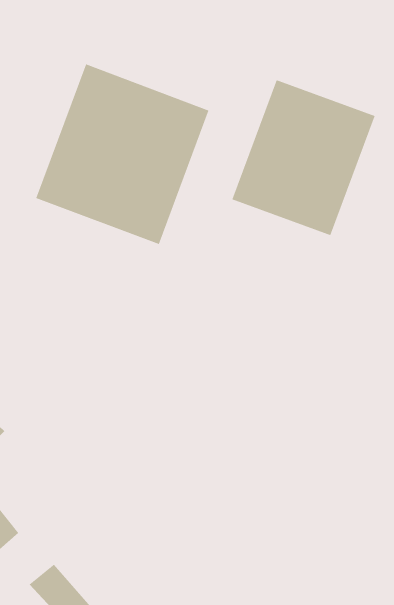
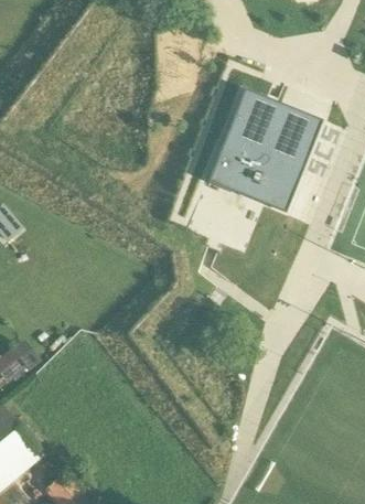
building: [36,64,209,245] -> none

